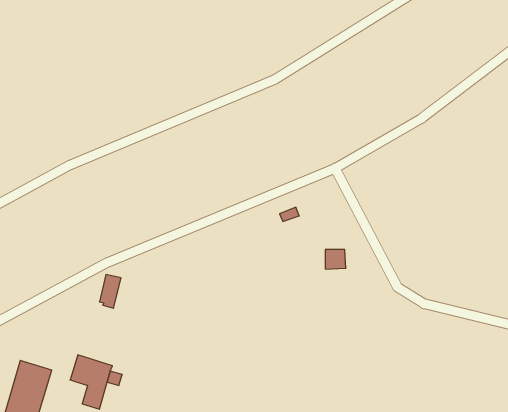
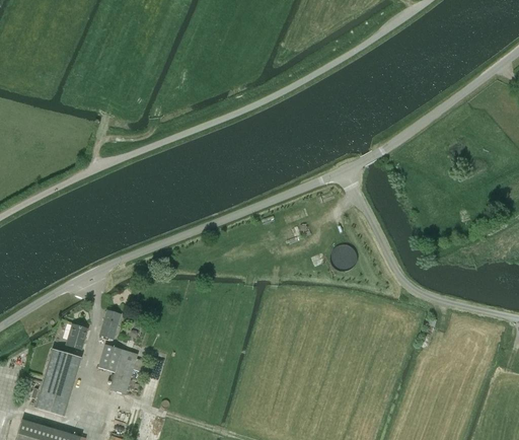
building: [99,275,121,308] -> [100,310,121,342]
building: none -> [66,324,88,350]

